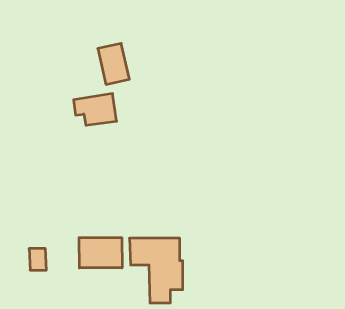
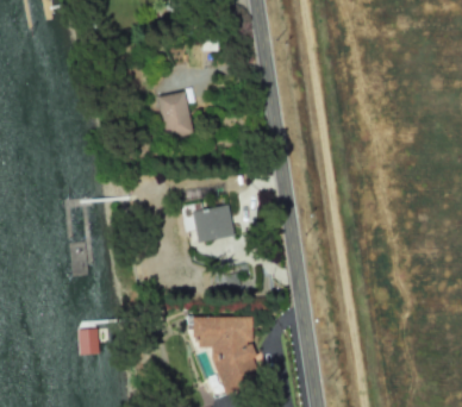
building: [74,94,117,125] -> [183,205,233,242]
building: [79,238,122,268] -> none

